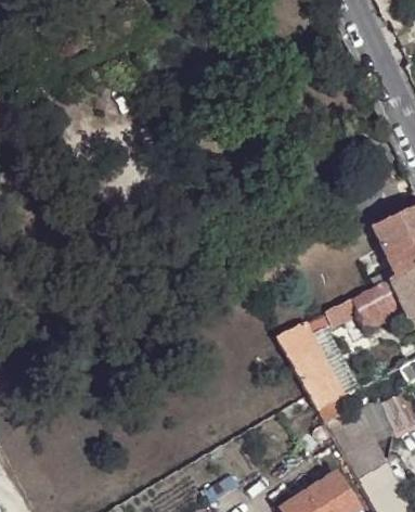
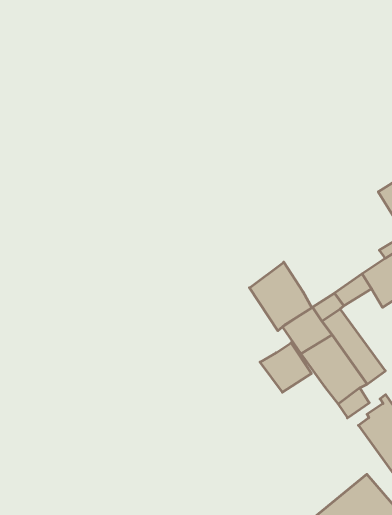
building: none -> [249,262,312,331]
building: none -> [260,343,311,392]

